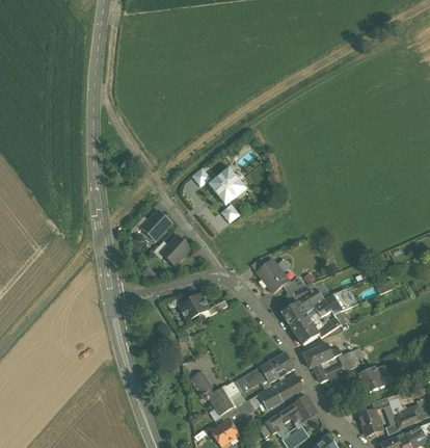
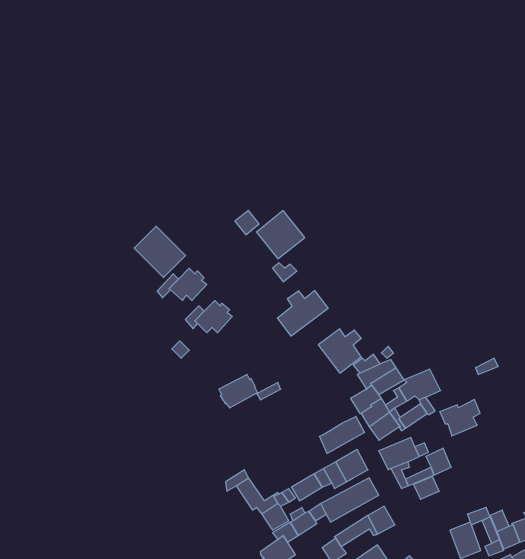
building: none -> [134,226,186,278]
building: none -> [277,290,328,336]
building: none -> [319,416,365,454]
building: [357,364,388,392] -> [440,400,480,436]

